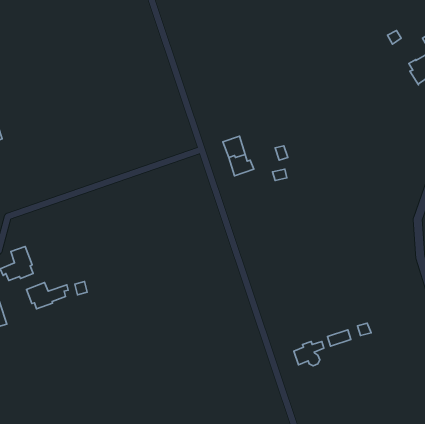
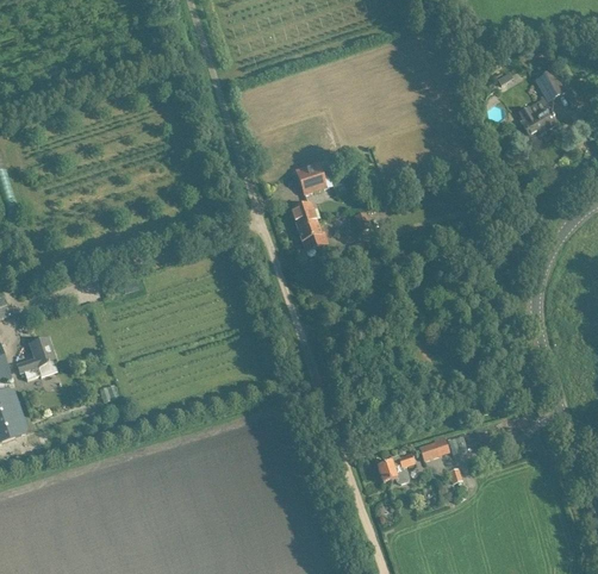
building: none -> [297,164,326,194]
building: [27,282,68,309] -> none

